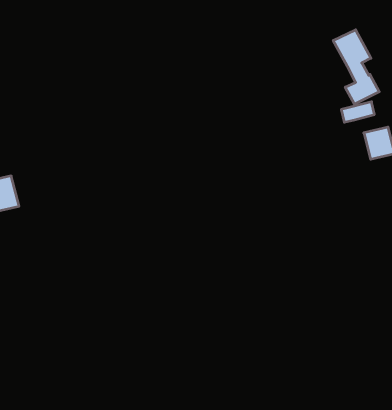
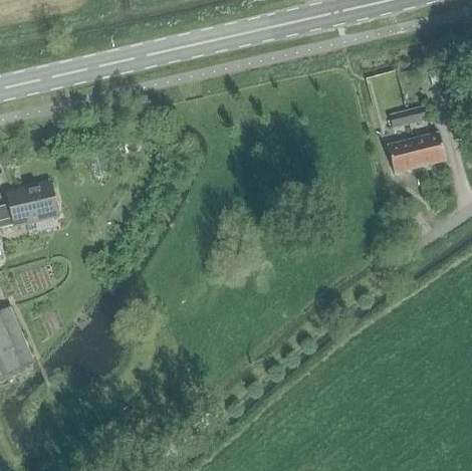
building: [333,30,379,104] -> none
building: none -> [386,139,419,173]

